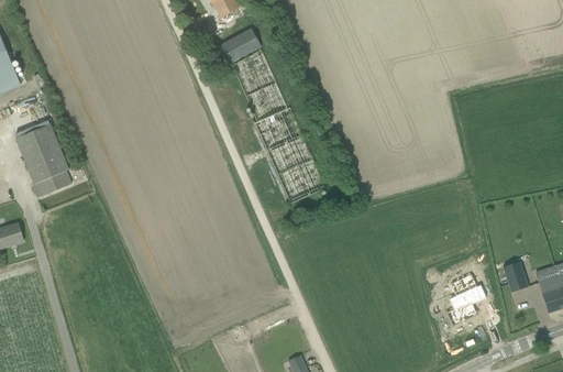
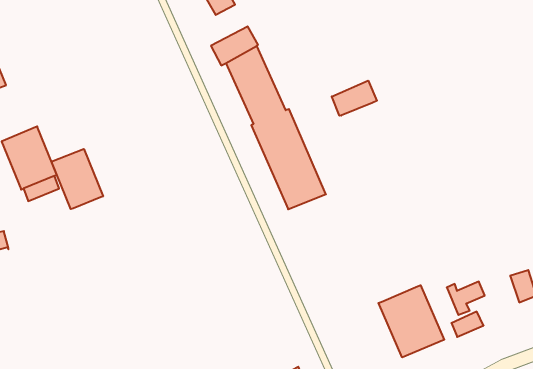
building: none -> [332,81,377,116]
building: none -> [51,149,103,209]
building: none -> [378,285,444,357]

